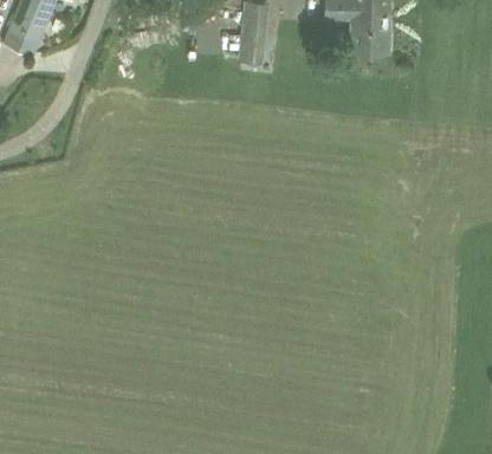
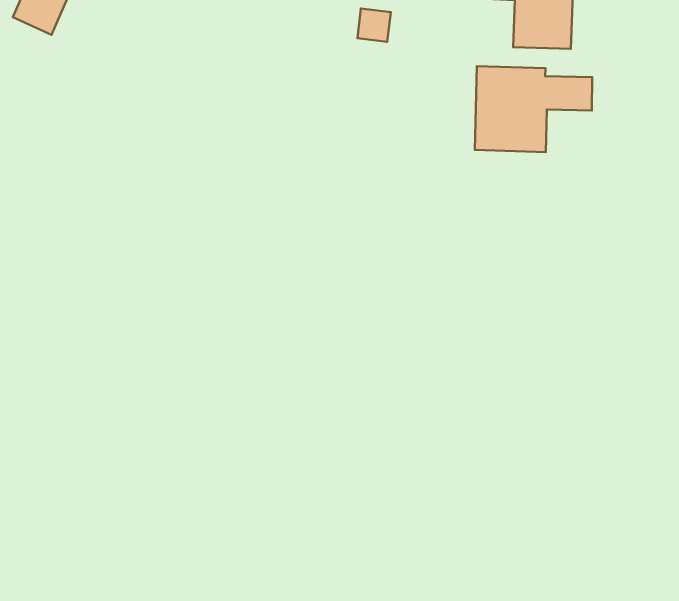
building: none -> [475,66,592,152]

